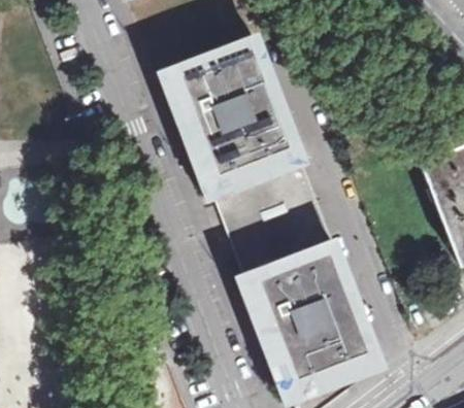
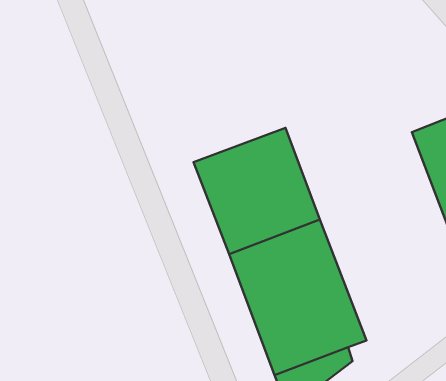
building: [164,37,296,188] -> none

